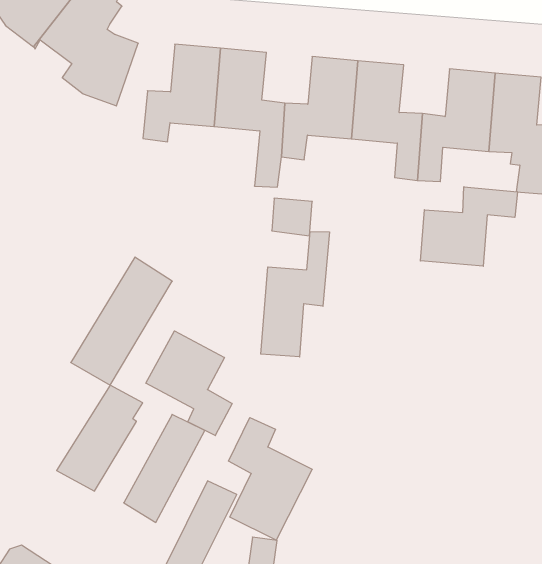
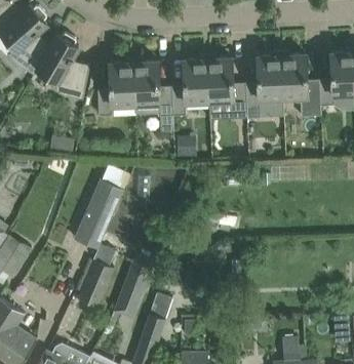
building: [420,187,517,266] -> none
building: [261,232,329,357] -> none
building: [146,331,232,436] -> none
building: [228,418,312,540] -> none

